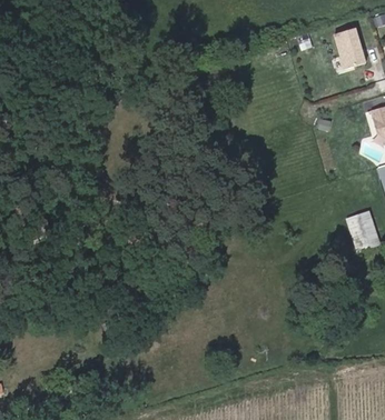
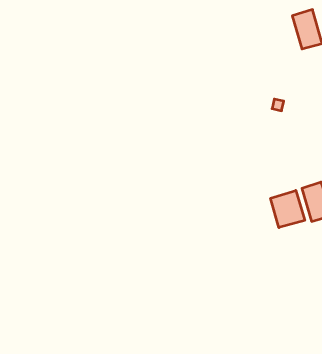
building: none -> [271,190,305,228]

